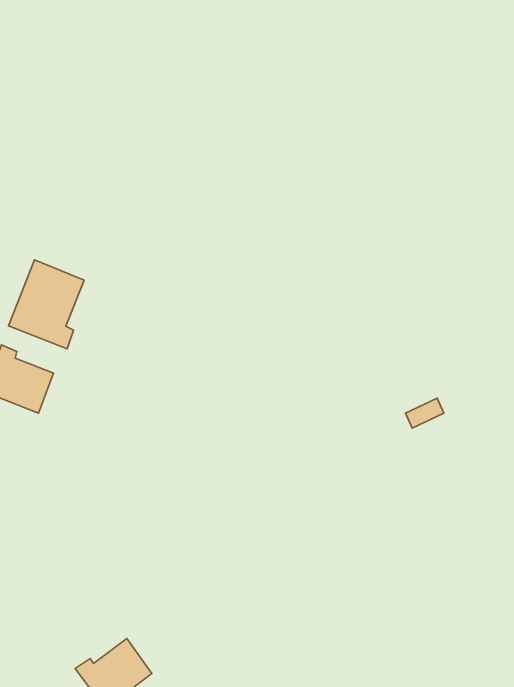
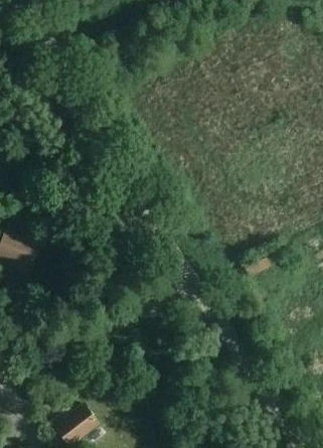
building: [9,260,84,349] -> none

